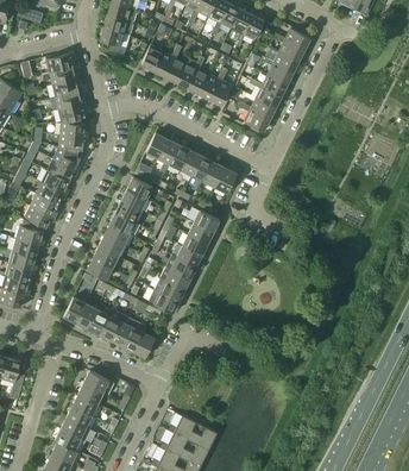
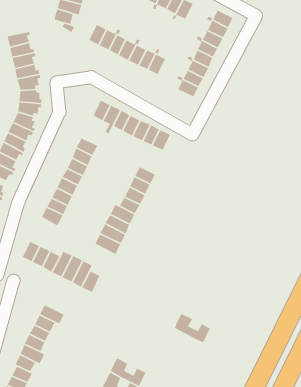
building: [175,415,218,451] -> [174,313,211,343]

